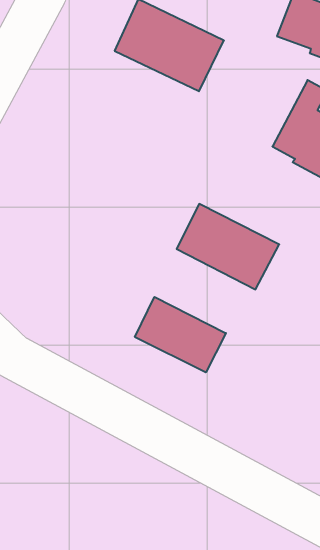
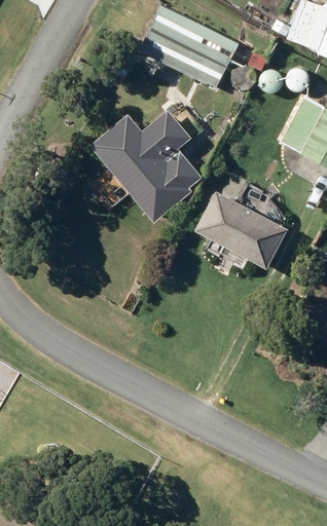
building: none -> [89,110,203,223]
building: [135,297,226,372] -> none

